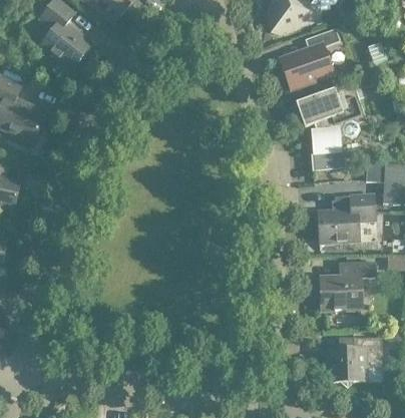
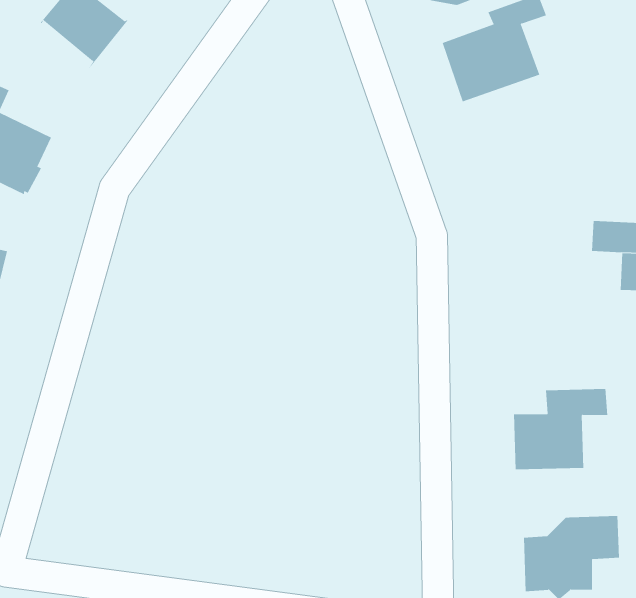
building: [296,80,367,169] -> none
building: [315,193,376,249] -> none

